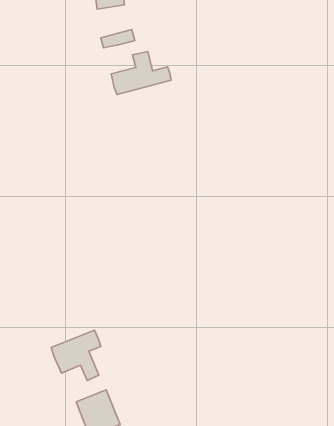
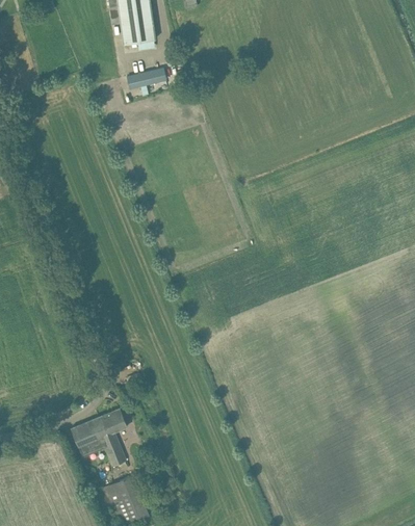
building: [111,51,171,94] -> none

